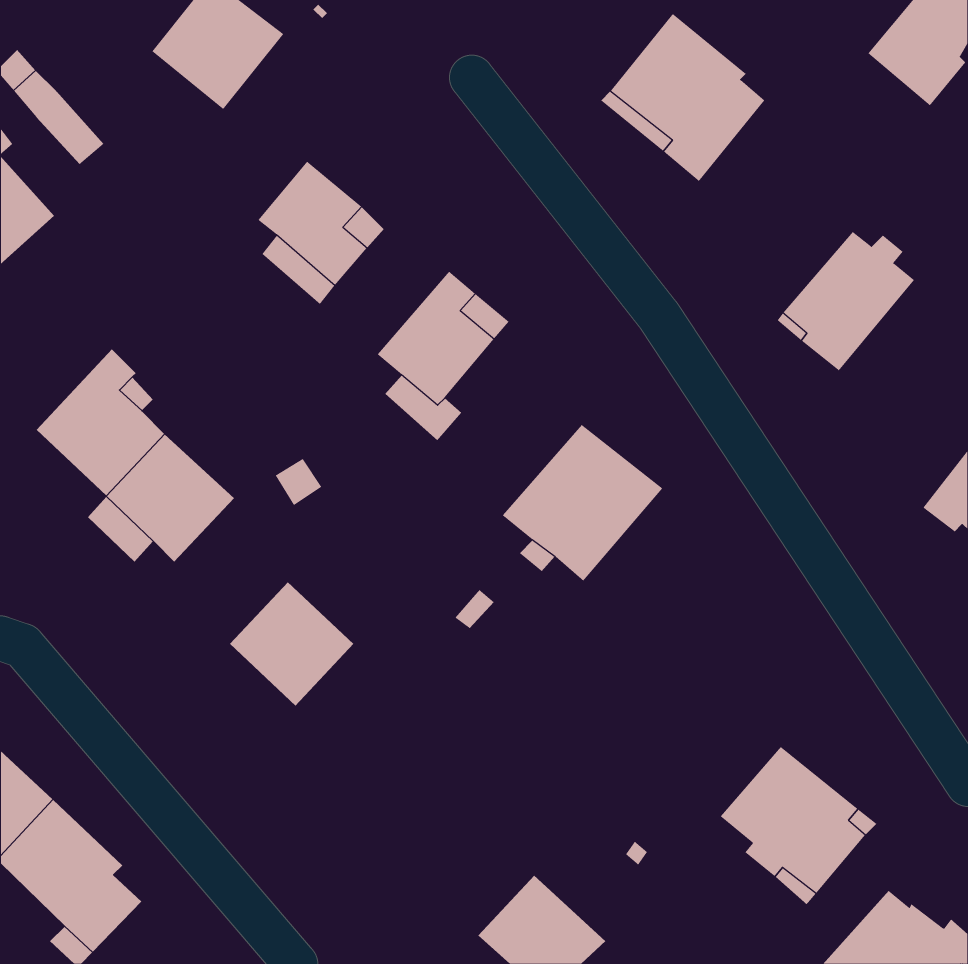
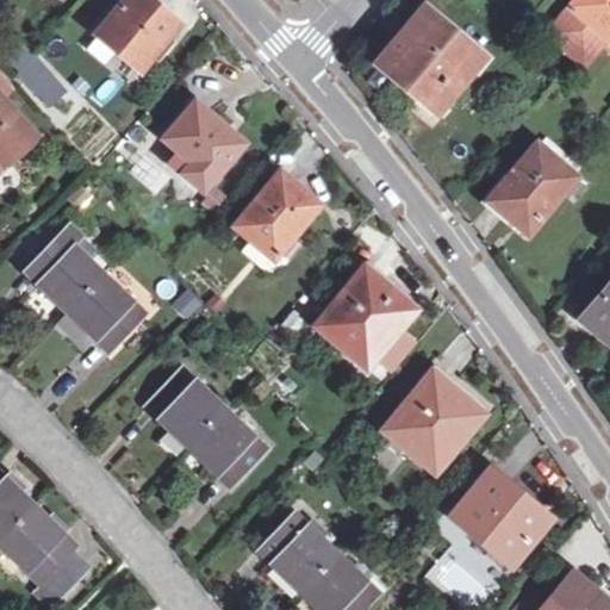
building: none -> [385,371,484,471]
building: none -> [186,405,267,486]
building: none -> [256,510,336,589]

